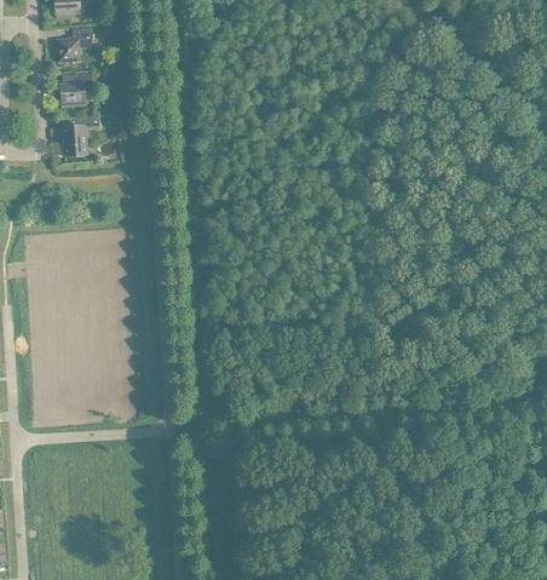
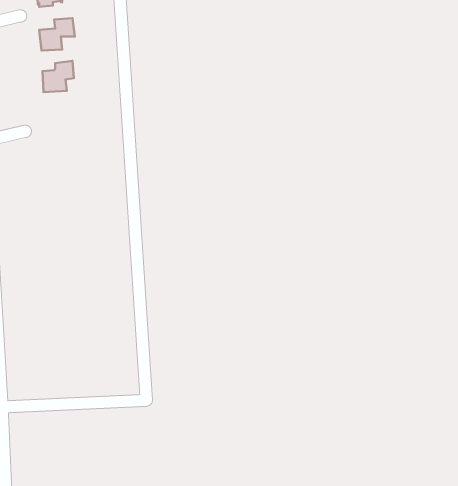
building: [62,116,98,156] -> none

